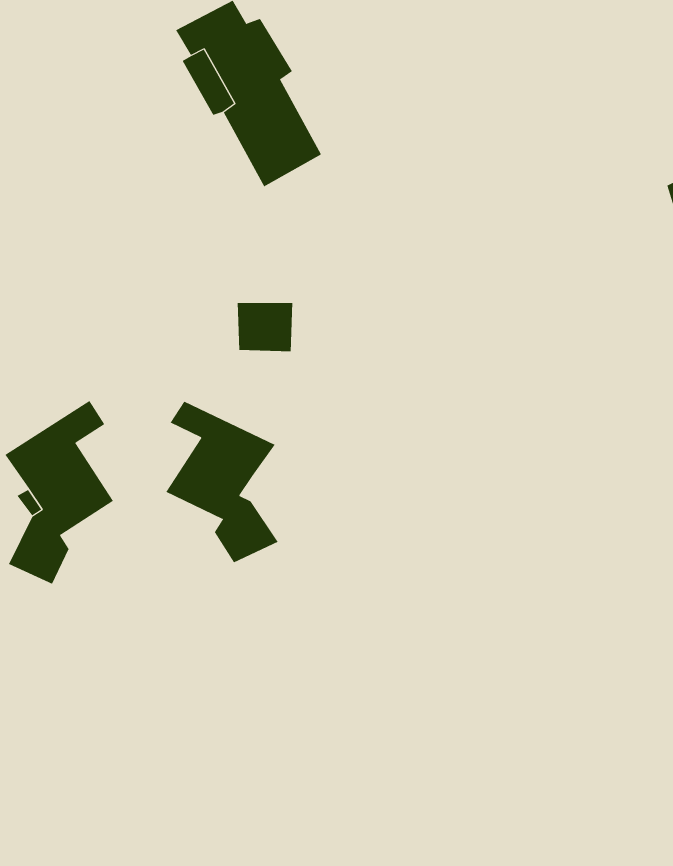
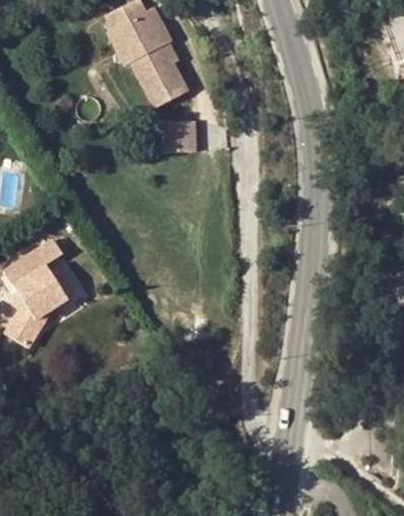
building: [237,302,293,352] -> [164,126,197,155]
building: [166,401,278,563] -> none

